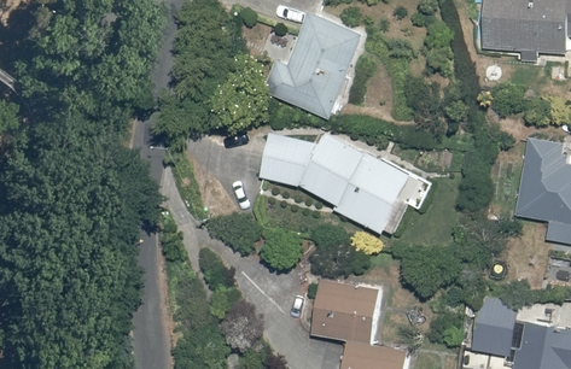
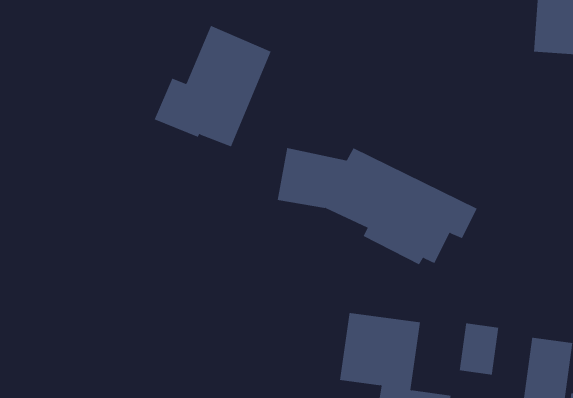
building: [261,12,363,118] -> [154,25,272,147]
building: none -> [459,322,499,376]

